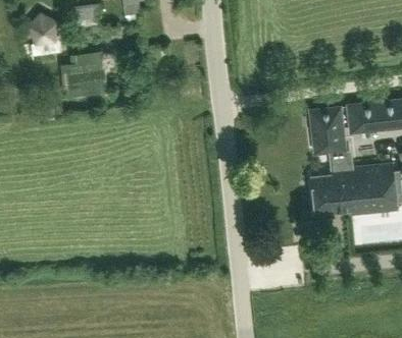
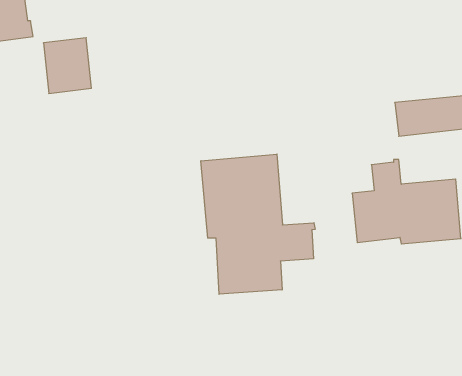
building: [307,106,345,156] -> none
building: none -> [201,154,315,294]

